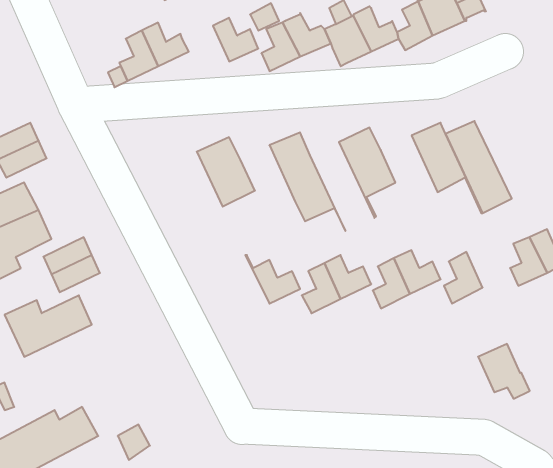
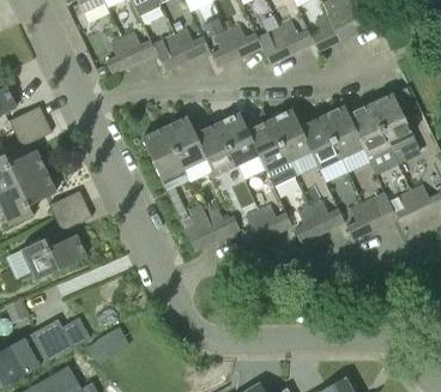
building: none -> [152,34,187,71]
building: none -> [369,94,419,162]
building: none -> [300,115,342,168]
building: none -> [247,120,295,186]
building: none -> [195,122,236,175]
building: none -> [141,127,188,189]
building: none -> [185,204,217,251]
building: [478,344,530,399] -> [363,192,401,233]

